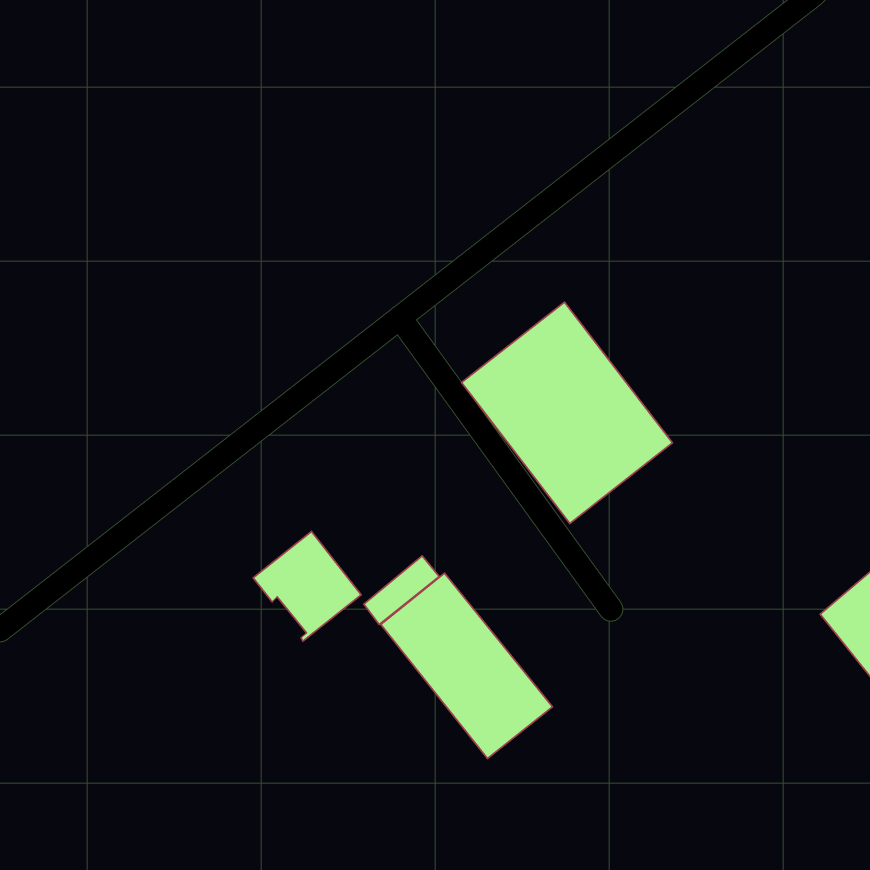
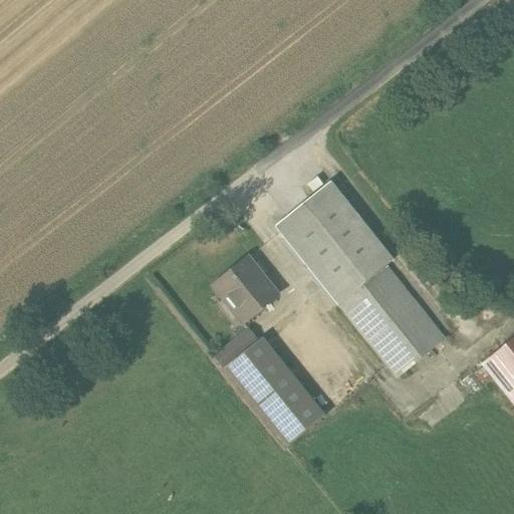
building: none -> [337,266,444,379]
building: [253,531,361,641] -> [216,256,279,320]

